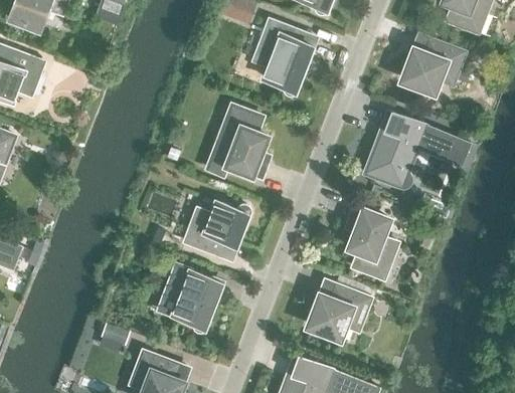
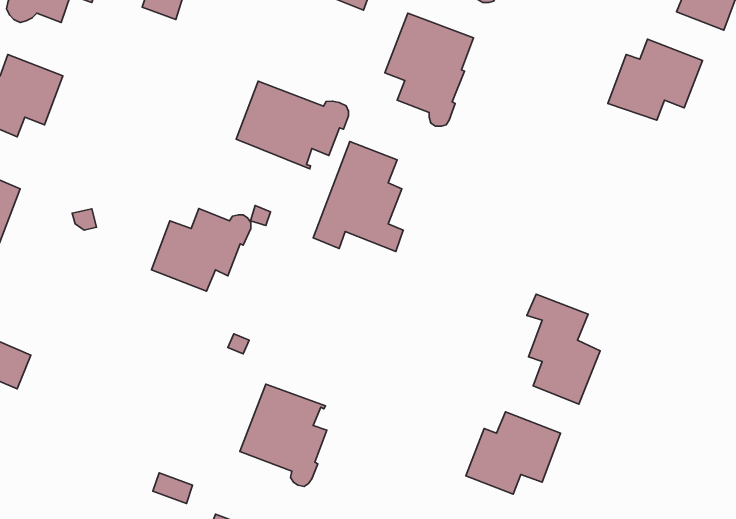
building: none -> [236,81,349,169]
building: [367,114,470,188] -> none
building: [185,201,250,255] -> [151,209,251,291]

